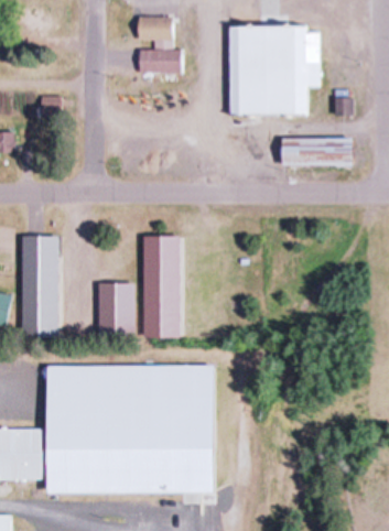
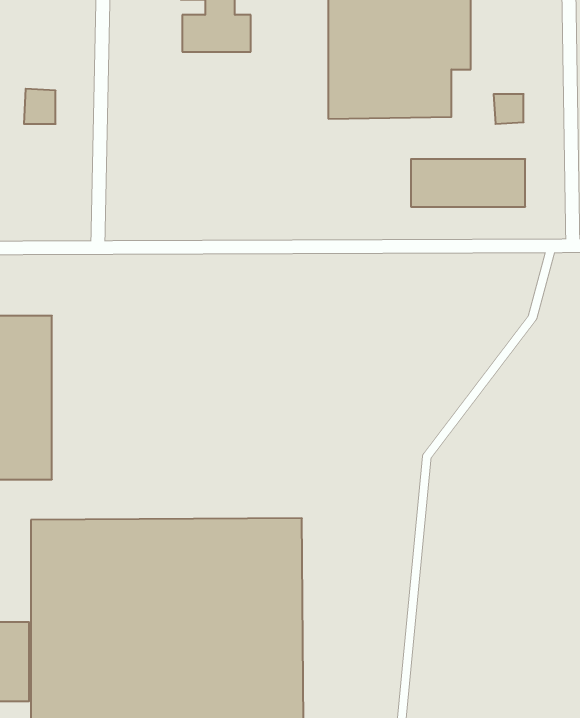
building: [145,237,182,339] -> none
building: [99,284,134,337] -> none

